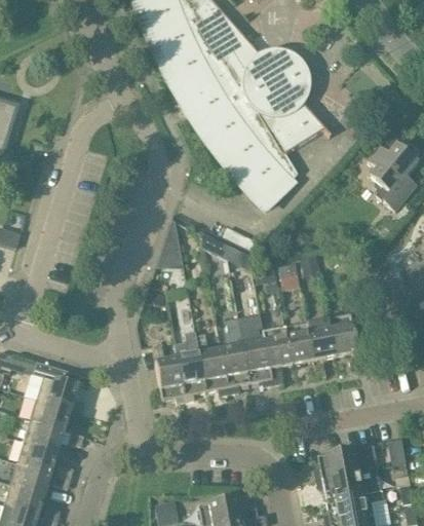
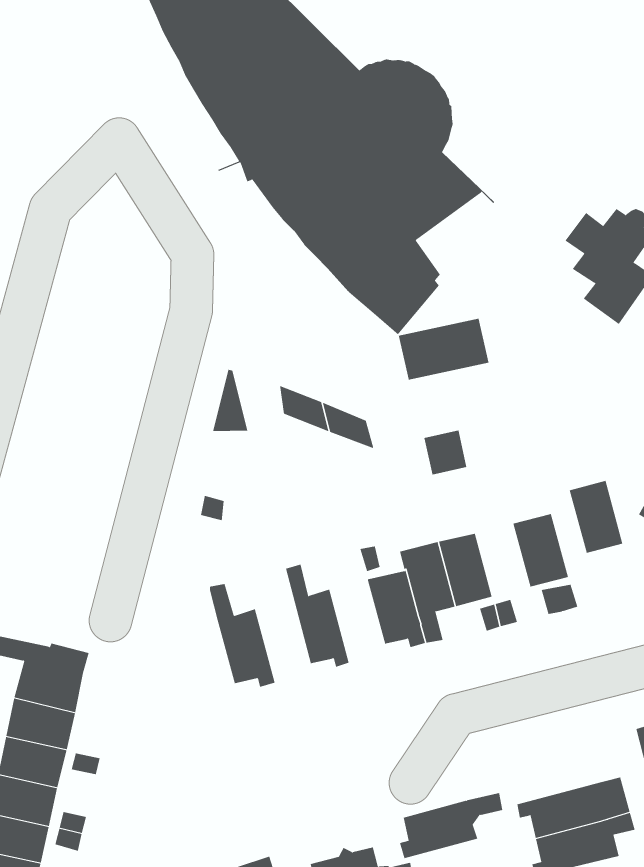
building: none -> [398,318,489,380]
building: [305,320,334,361] -> [569,480,623,554]
building: [220,322,248,392] -> none
building: [174,332,205,401] -> none
building: [315,446,376,480] -> [399,792,503,859]

